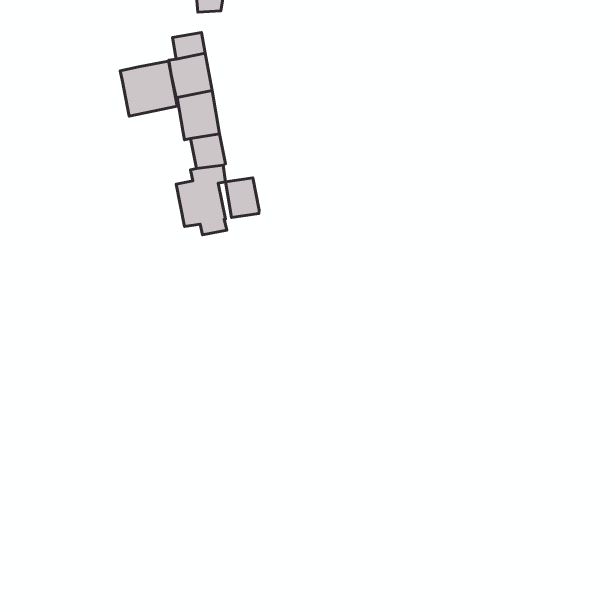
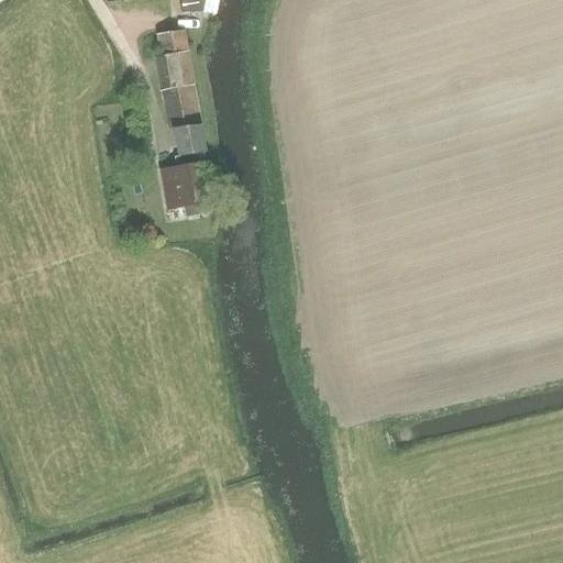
building: [120,61,177,116] -> none
building: [226,178,259,217] -> none

